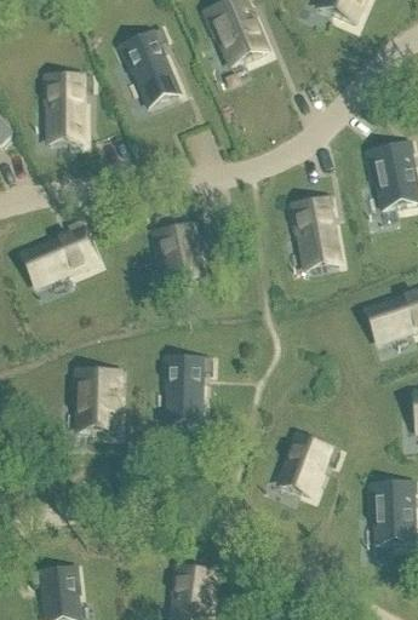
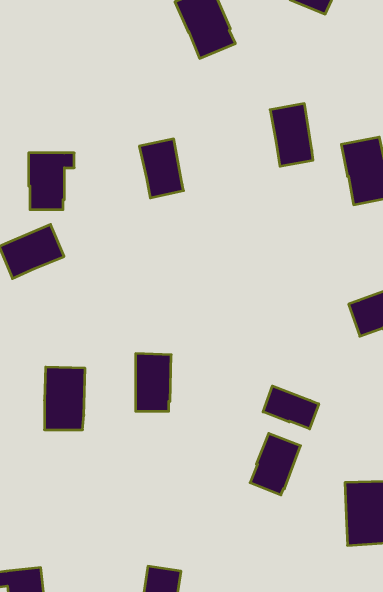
building: [120,27,173,96] -> none
building: [47,75,92,131] -> [29,153,74,210]
building: [293,197,336,259] -> [270,104,313,166]
building: [156,224,200,282] -> [139,139,184,198]
building: none -> [263,386,319,429]

